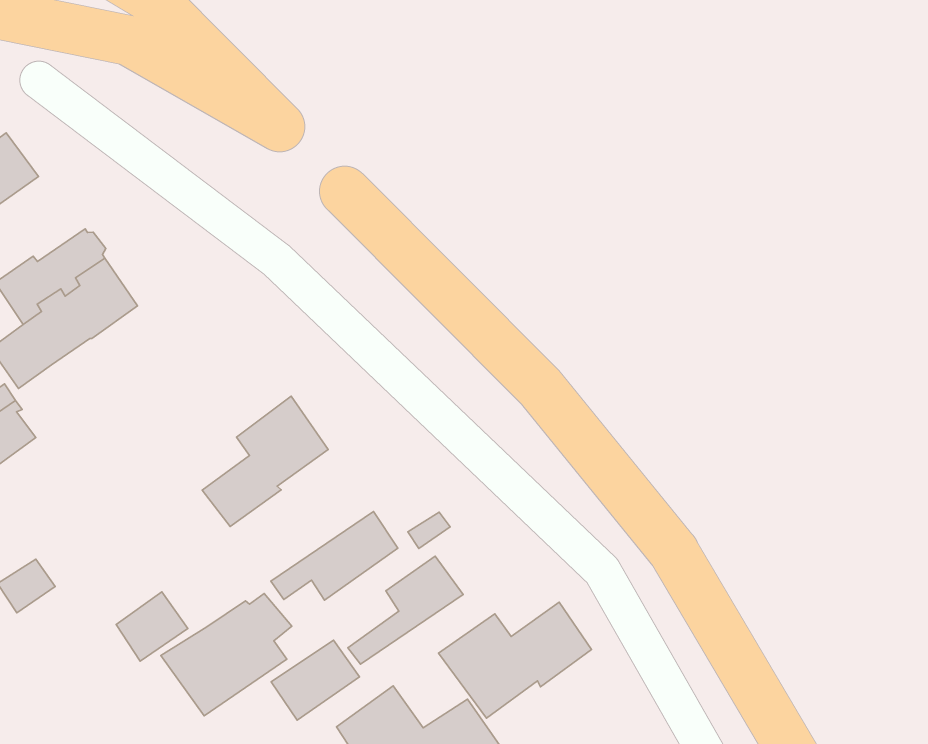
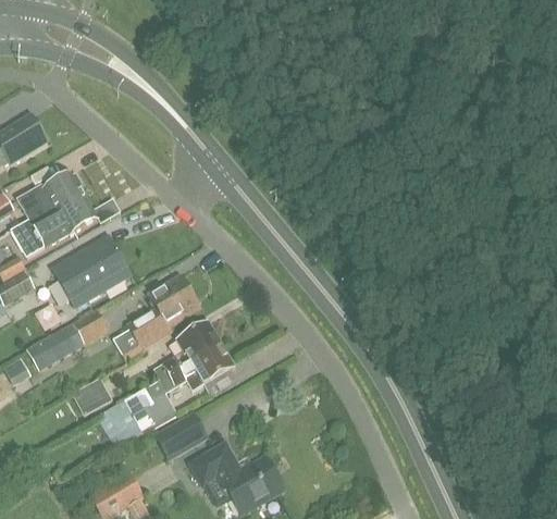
building: none -> [52,236,131,307]
building: none -> [27,309,108,370]
building: [348,556,463,664] -> [153,321,221,379]
building: [438,602,592,718] -> none

